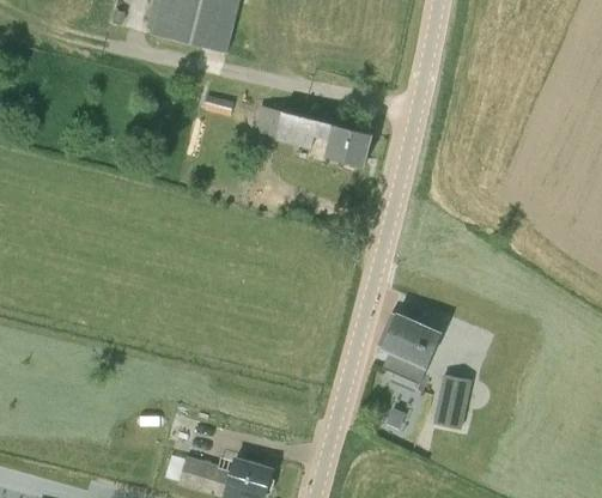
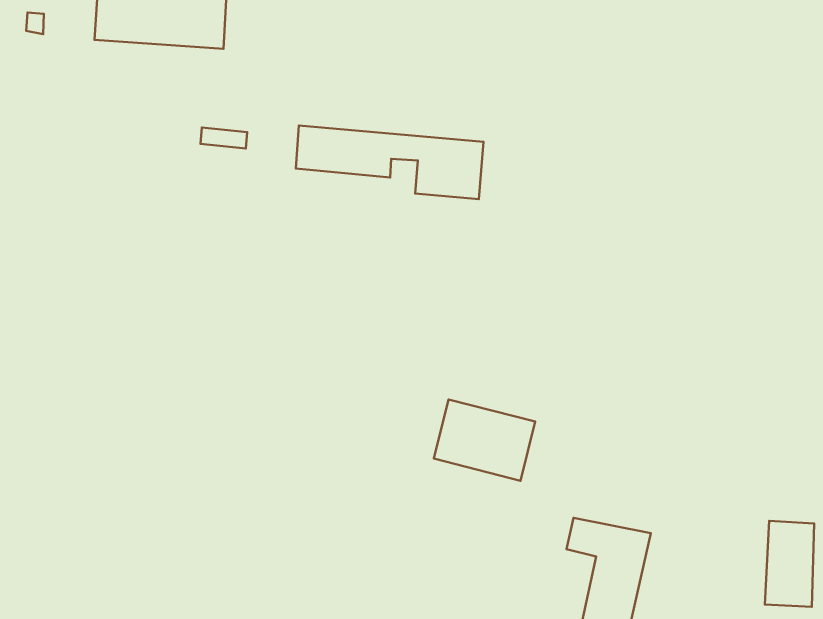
building: [377,311,440,366] -> [434,399,535,481]
building: [433,374,470,429] -> [765,521,814,607]

